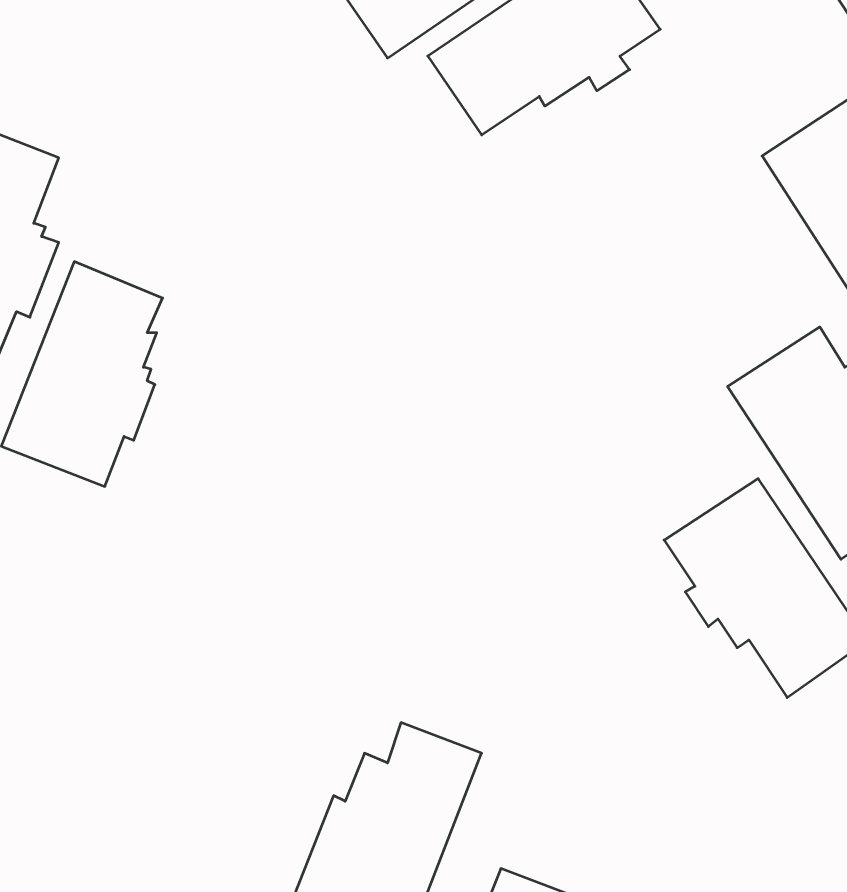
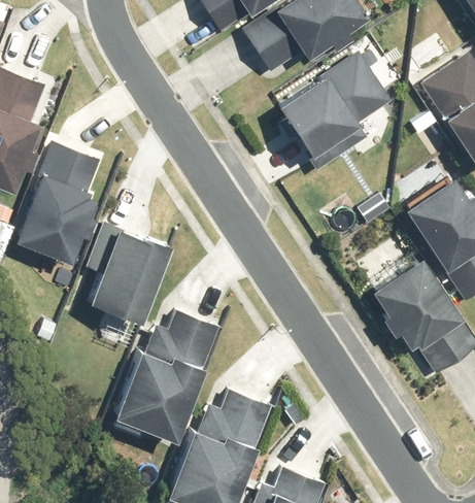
building: none -> [279,54,394,170]
building: none -> [89,224,171,324]
building: none -> [114,310,220,441]

